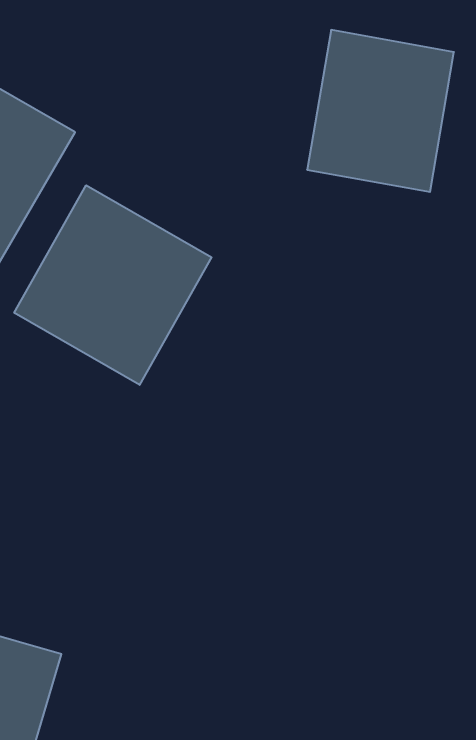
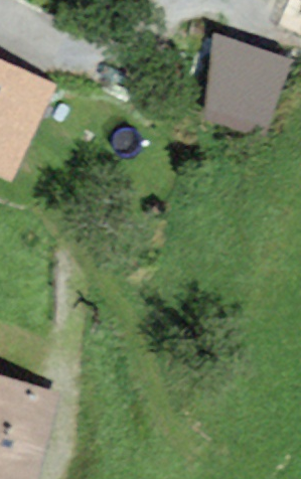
building: [14,185,212,385] -> none

